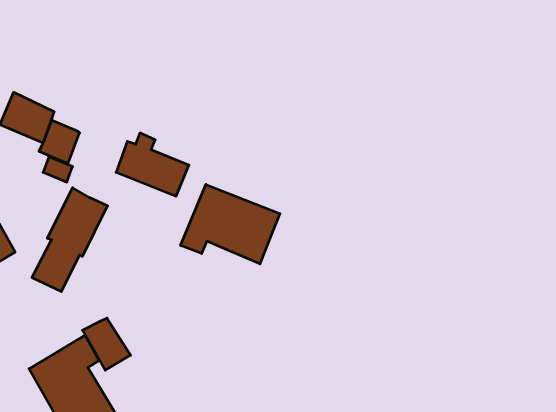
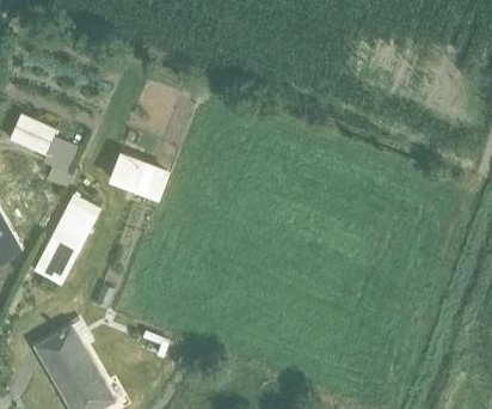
building: [181,184,280,264] -> none
building: [82,318,131,370] -> none

